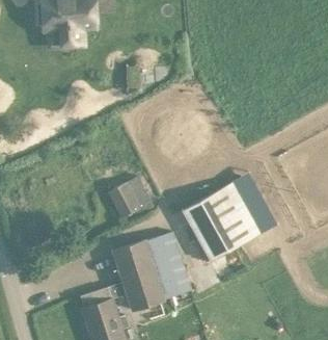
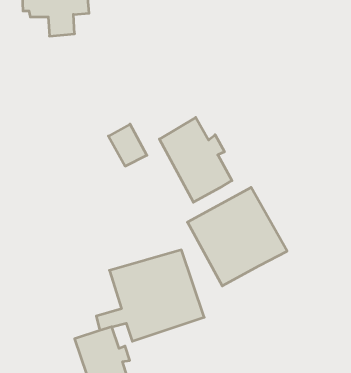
building: none -> [159,117,232,202]
building: [107,181,140,217] -> [108,124,147,166]

